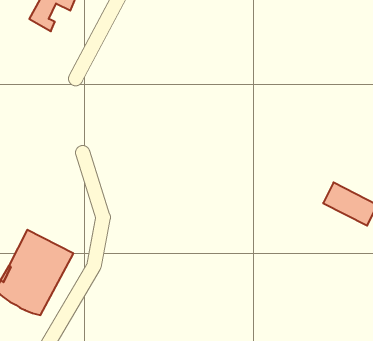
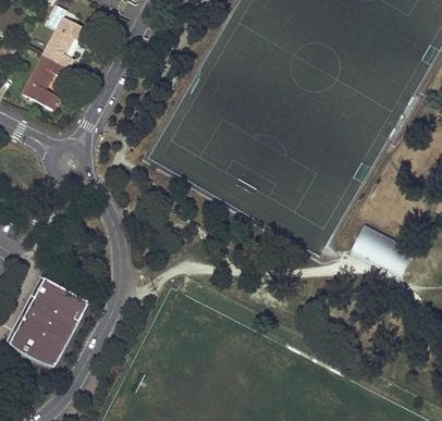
building: none -> [22,53,65,109]

